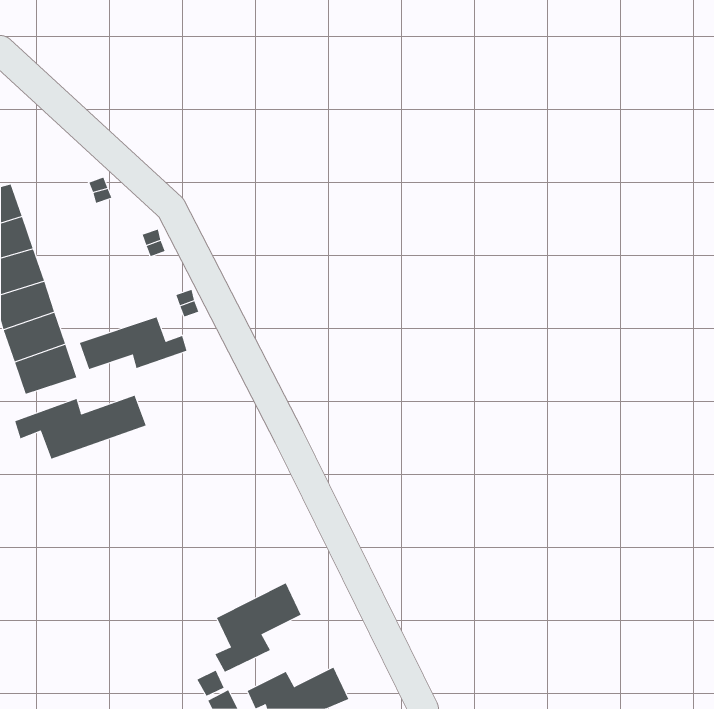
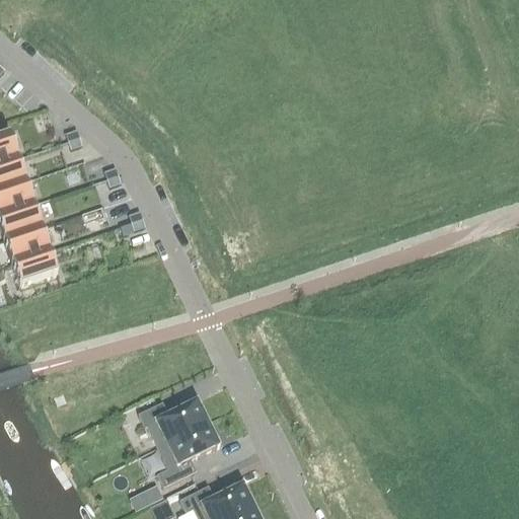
building: [79,317,187,370] -> none
building: [14,395,147,460] -> none
building: none -> [139,398,209,446]

